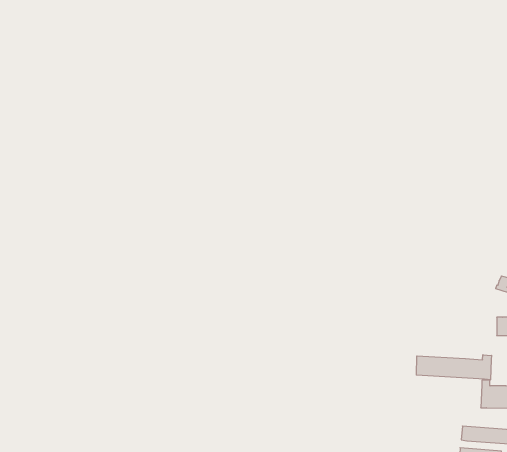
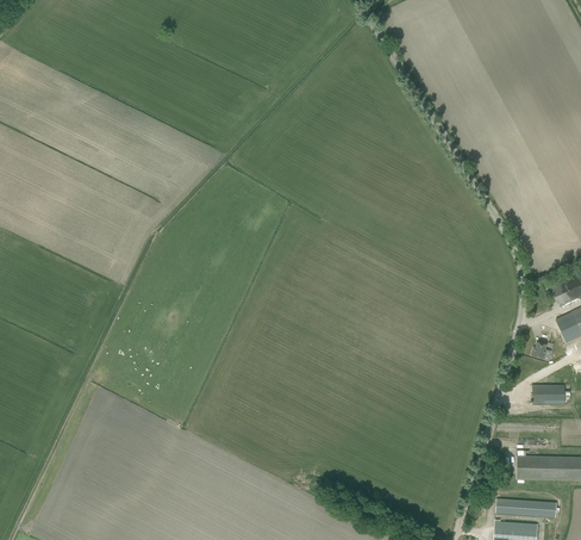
building: [416,355,492,380] -> none

